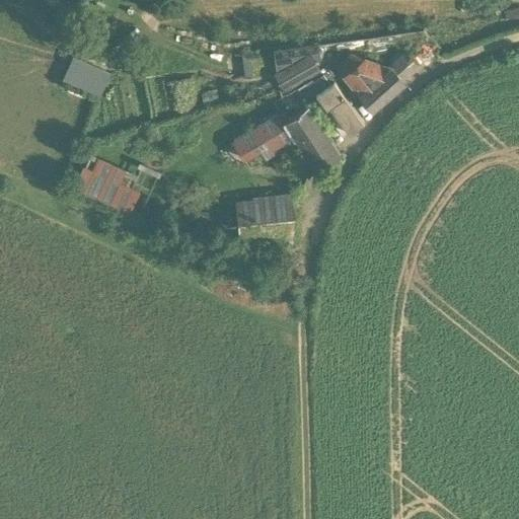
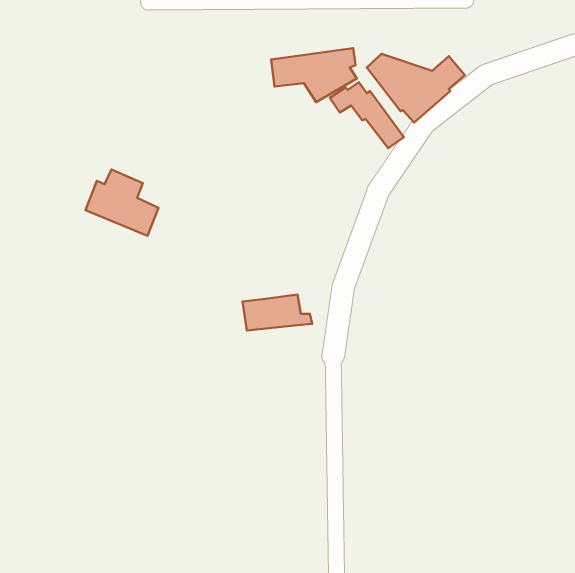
building: [62,58,110,98] -> none
building: [229,107,339,170] -> none
building: [236,198,299,230] -> [242,295,312,331]

